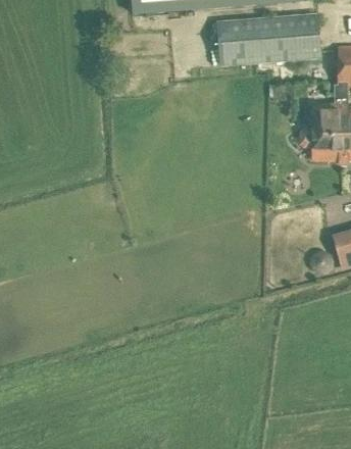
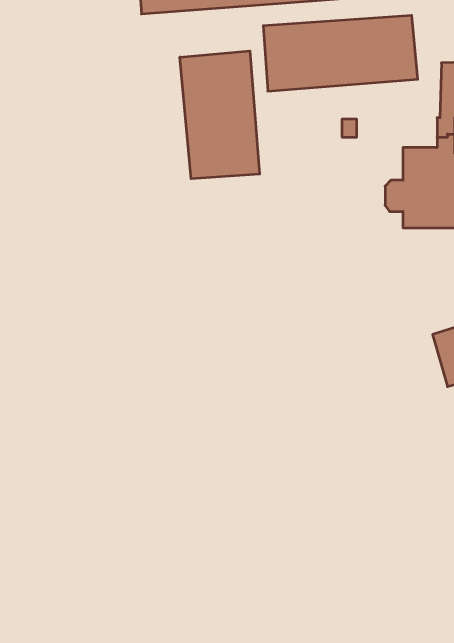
building: none -> [180,51,260,179]

